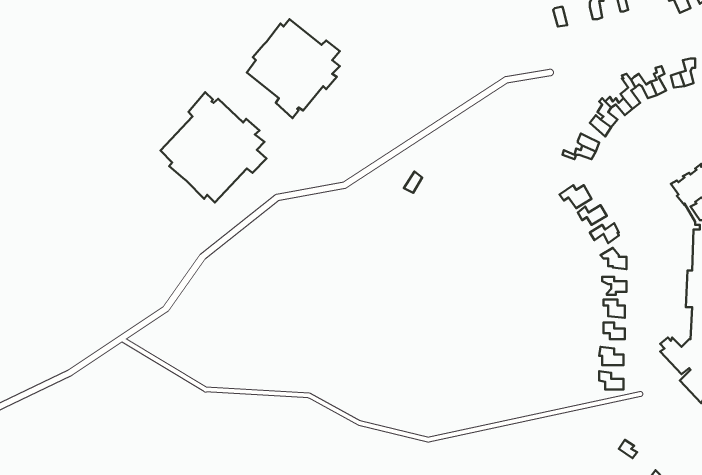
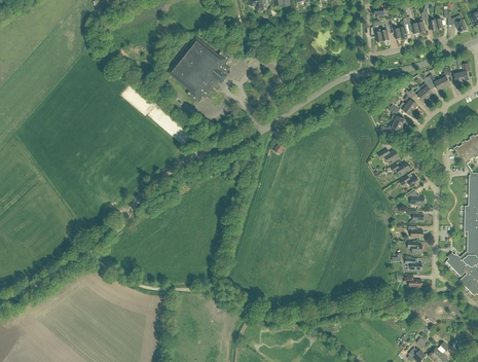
building: [161,92,266,202] -> none

